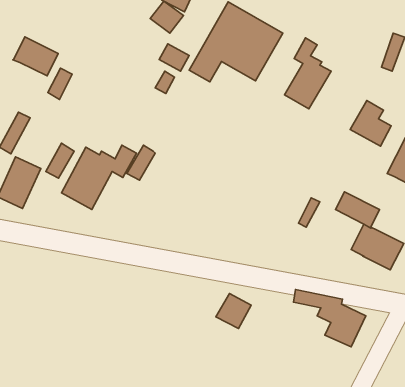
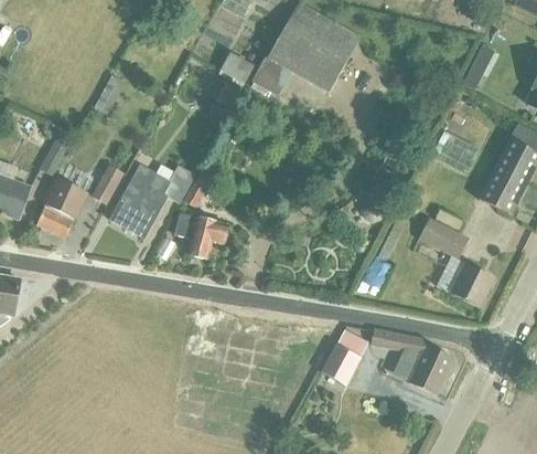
building: [13,37,58,76] -> none
building: [284,38,331,109] -> none
building: none -> [174,212,228,258]
building: [216,294,251,329] -> [321,345,361,384]

